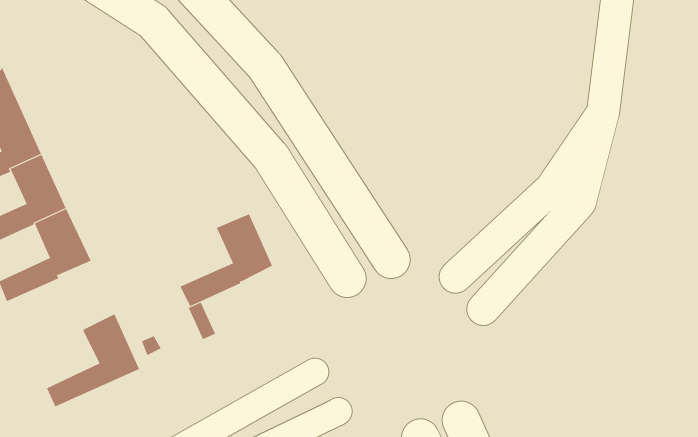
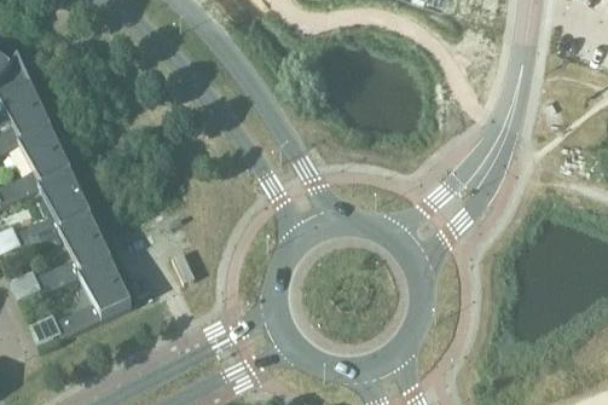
building: [179,213,273,307] -> [34,219,111,296]

